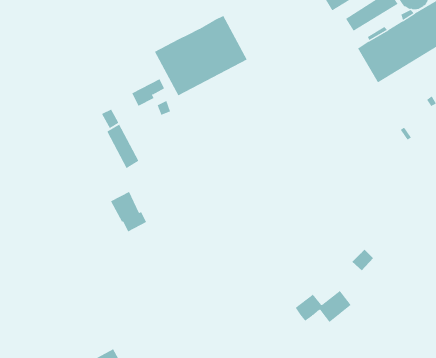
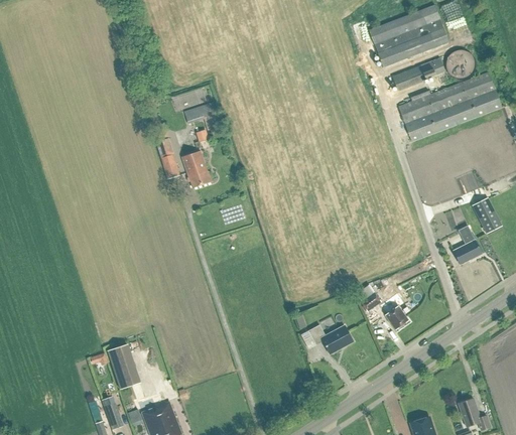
building: [154,15,247,96] -> none
building: [110,191,147,232] -> [181,150,212,187]
building: none -> [380,297,408,328]

